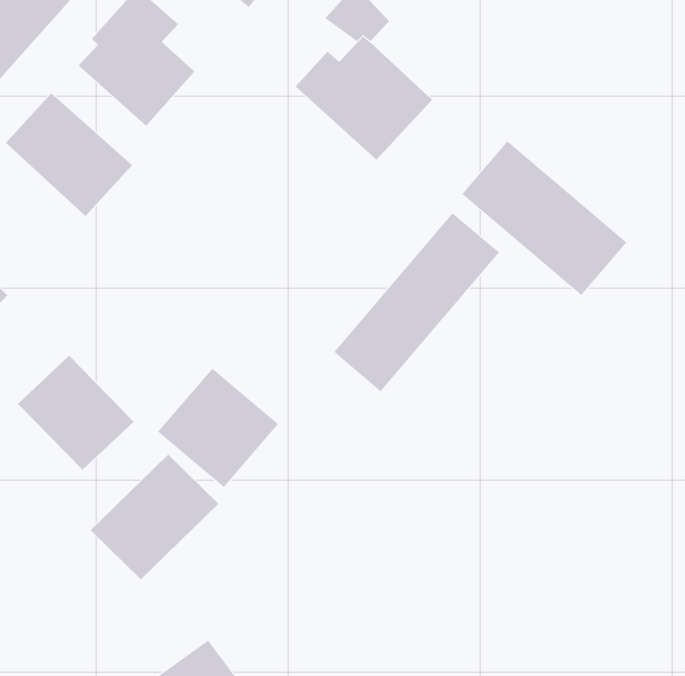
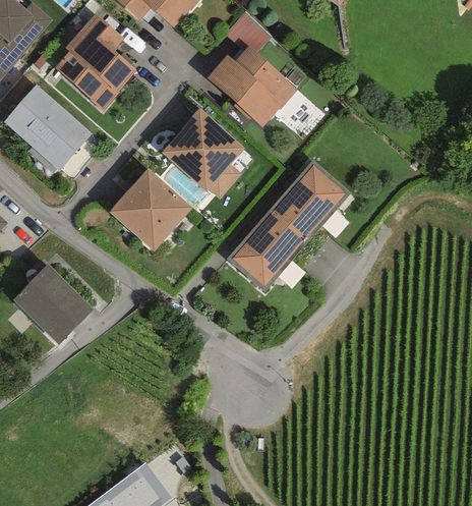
building: none -> [160,110,241,198]
building: [462,140,627,296] -> none
building: [157,368,279,488] -> [109,167,192,249]
building: [90,454,219,580] -> none

